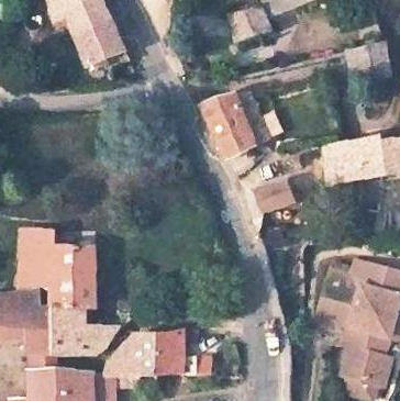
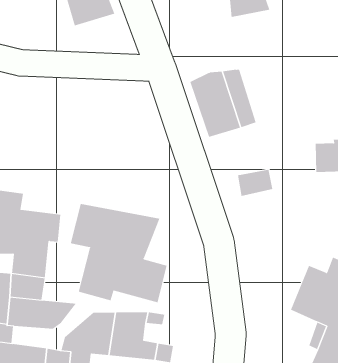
building: none -> [70,203,167,303]

